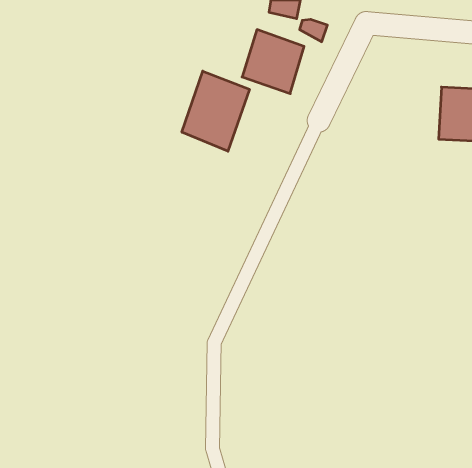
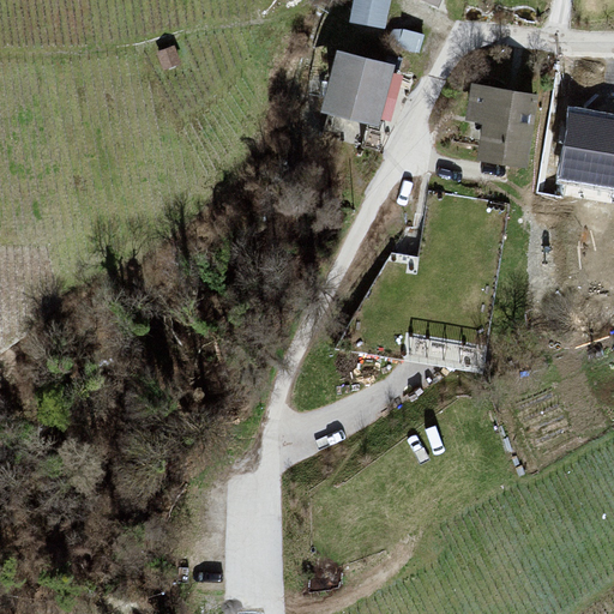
building: none -> [465,83,538,164]
building: [182,71,249,151] -> none

